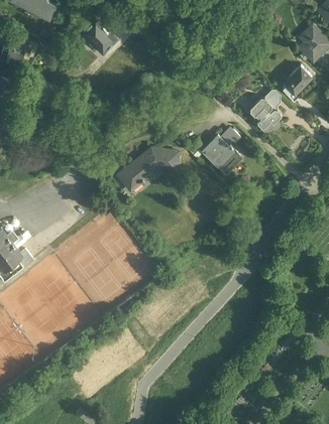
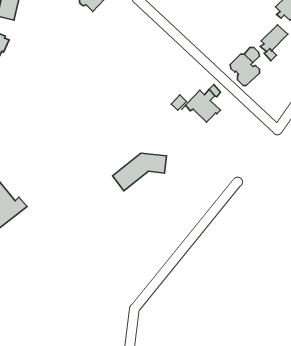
building: [120,150,178,190] -> [112,153,166,191]

